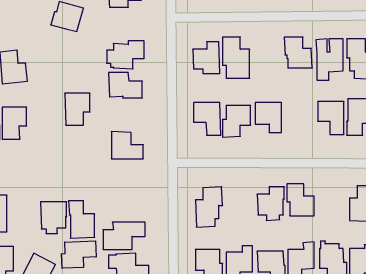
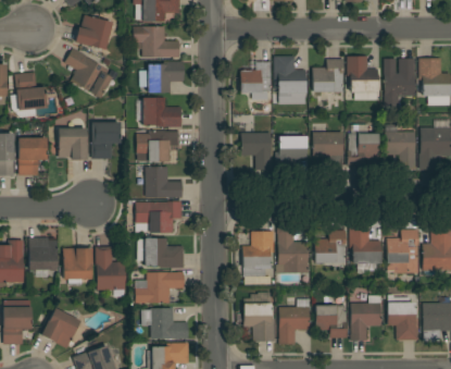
building: none -> [134,27,180,58]
building: none -> [65,49,112,99]
building: none -> [313,59,344,93]
building: none -> [348,124,379,167]
building: none -> [59,128,88,160]
building: none -> [137,132,179,161]
building: none -> [136,201,183,233]
building: none -> [276,227,310,273]
building: none -> [388,230,419,273]
building: none -> [29,238,58,270]
building: none -> [145,238,185,269]
building: [62,241,96,268] -> none

